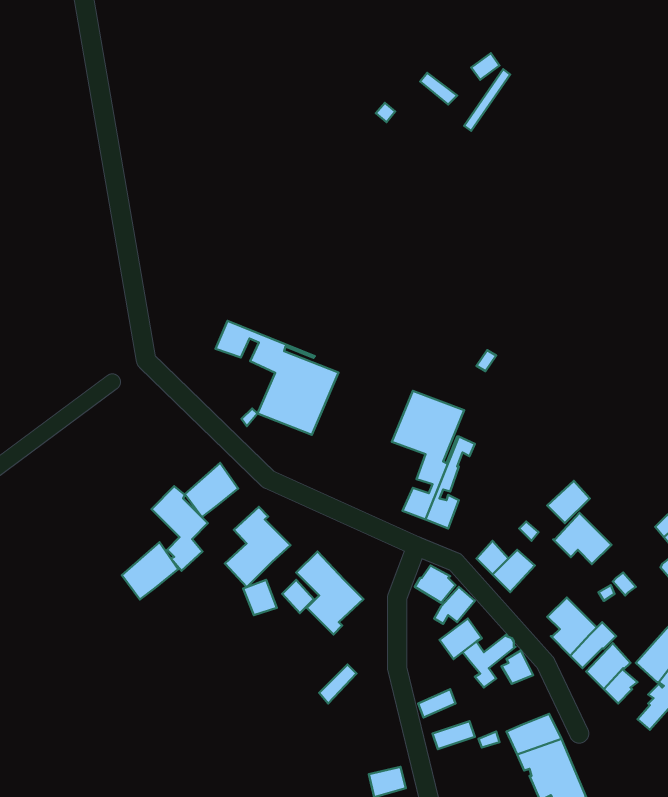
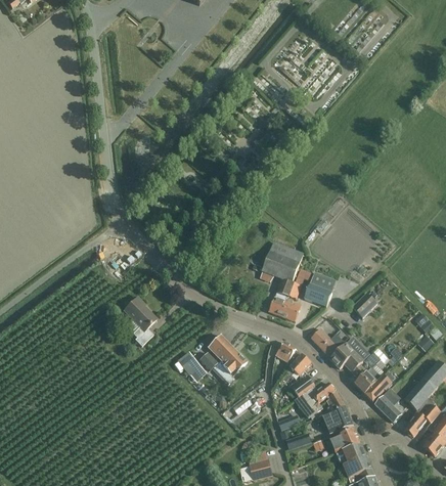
building: [216,321,338,435] -> none
building: none -> [305,271,337,307]
building: [185,463,238,517] -> none
building: [225,507,290,587] -> none
building: [553,513,611,564] -> [330,343,364,372]
building: [122,542,178,599] -> none
building: none -> [322,406,353,433]

